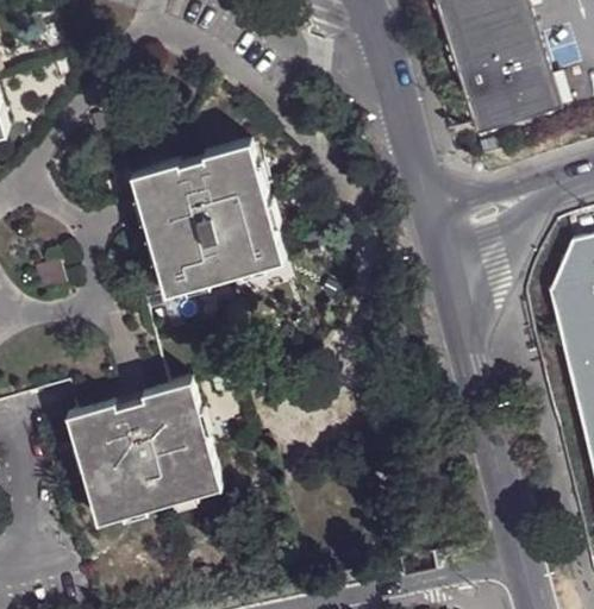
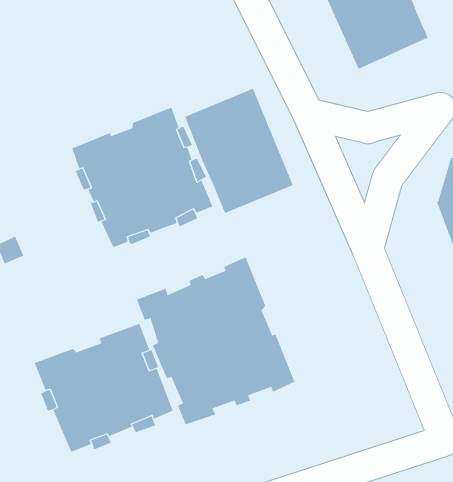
building: none -> [184,88,294,214]
building: none -> [136,256,295,425]

